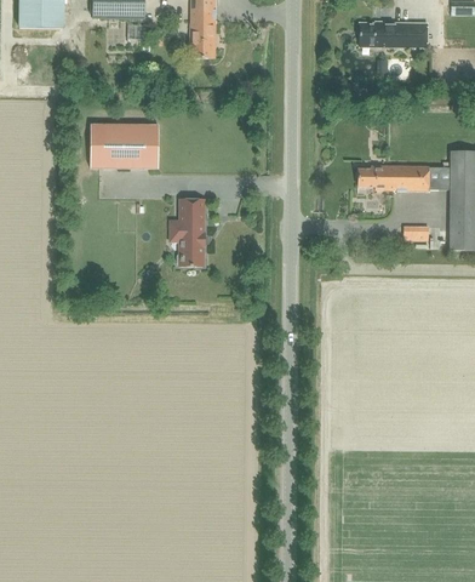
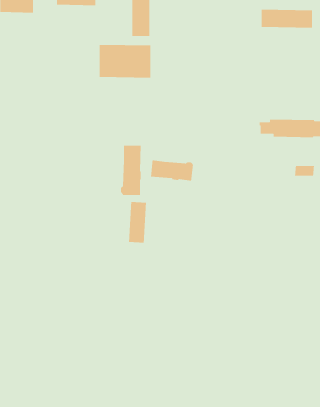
building: [90,124,158,169] -> [99,44,151,78]
building: none -> [150,160,194,182]
building: none -> [128,201,147,244]

